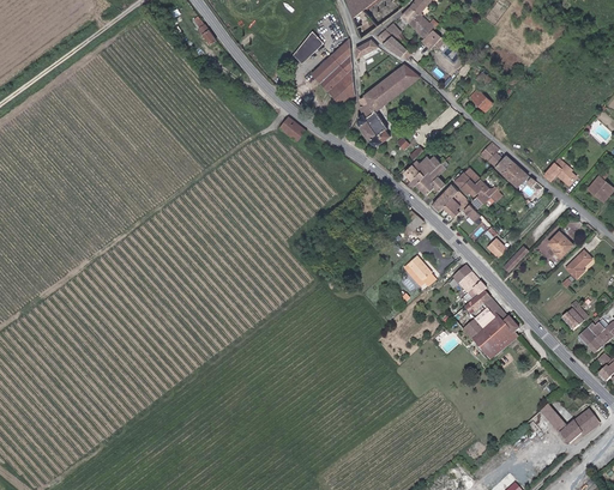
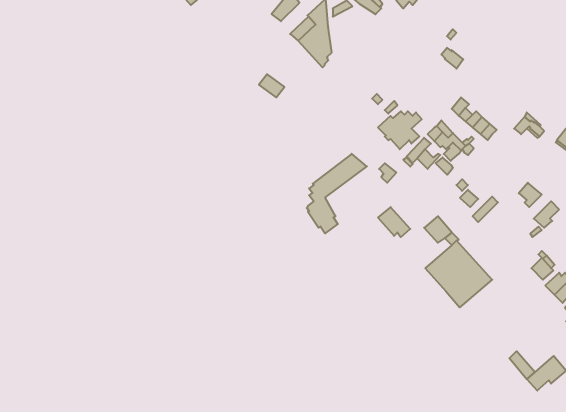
building: [357,63,420,146] -> [307,154,367,233]

